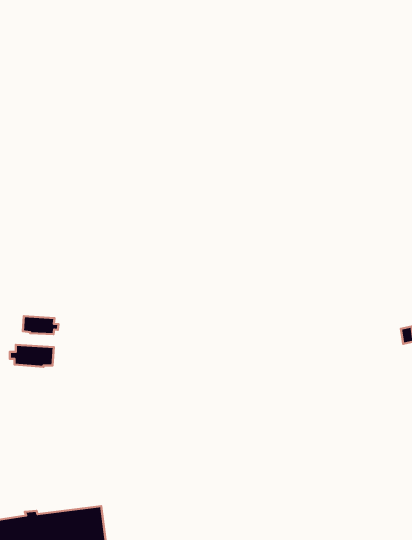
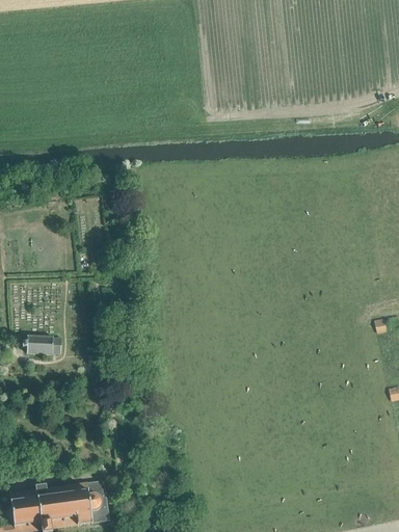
building: [23,316,58,334] -> none

